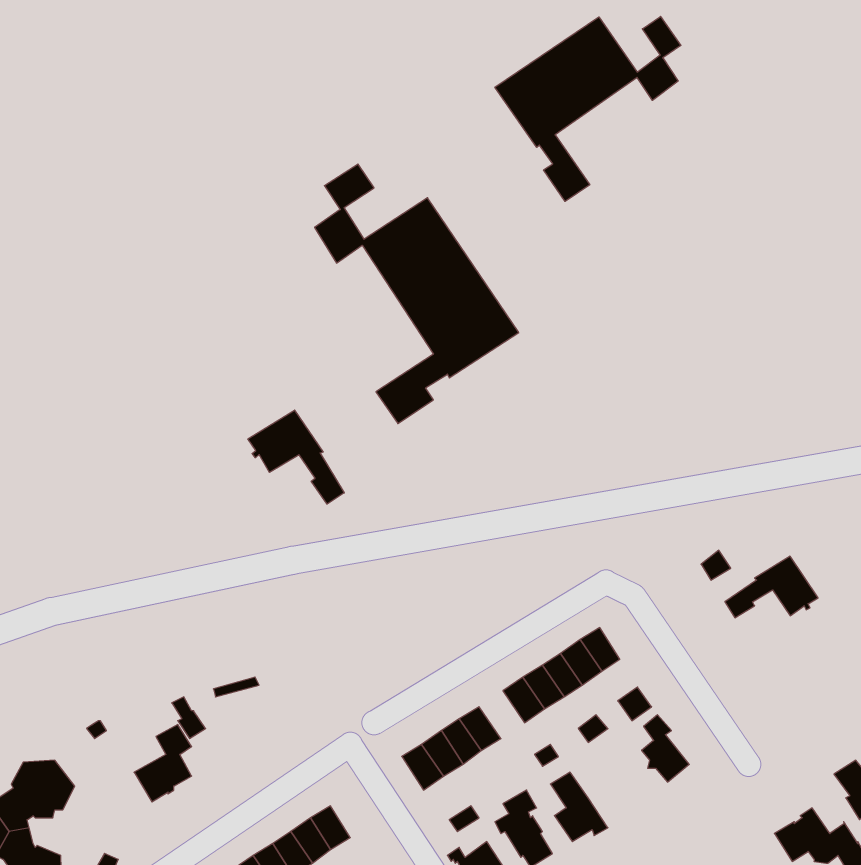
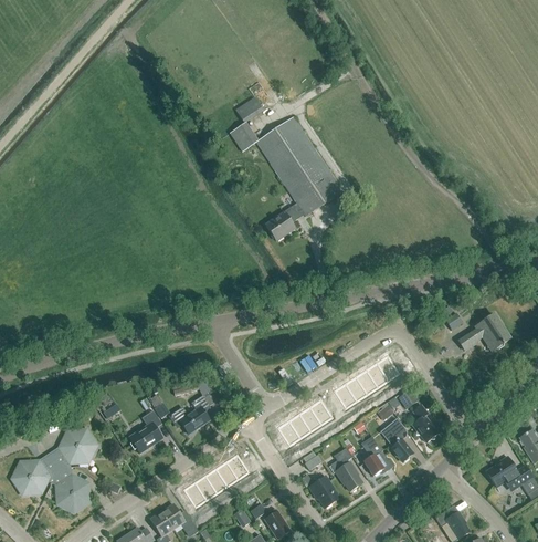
building: [495,16,681,201] -> none
building: [248,410,344,504] -> none
building: none -> [169,394,213,434]
building: none -> [380,418,413,461]

